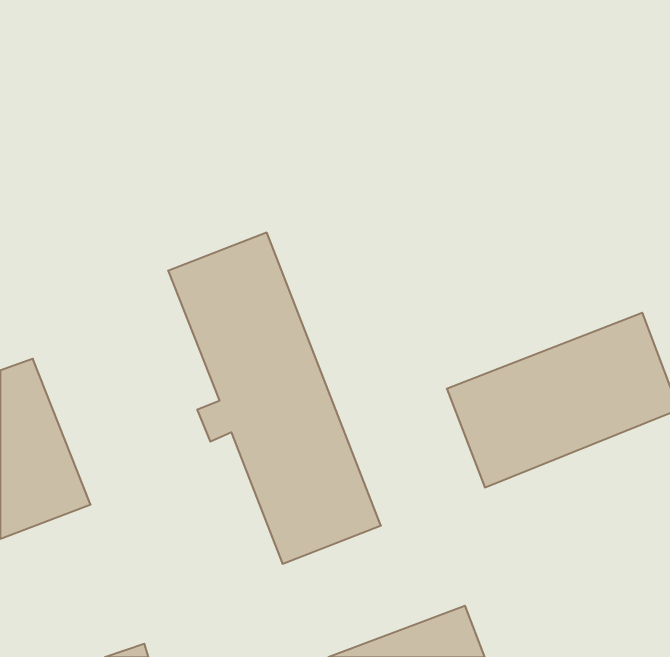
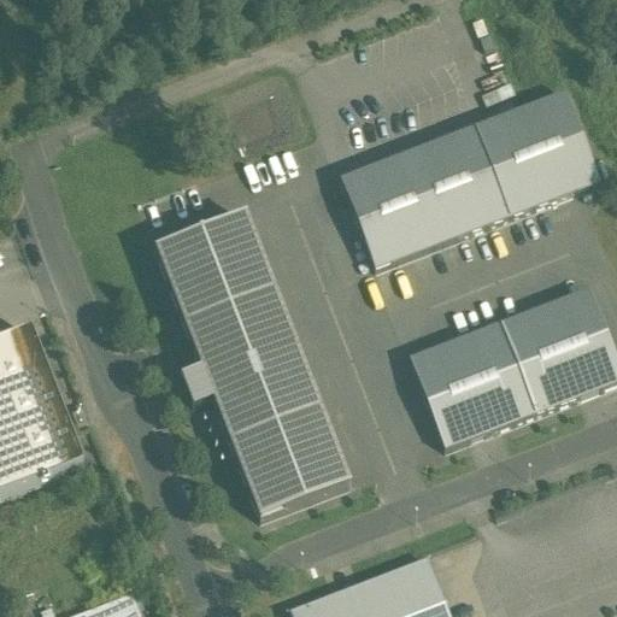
building: none -> [340,90,600,266]

